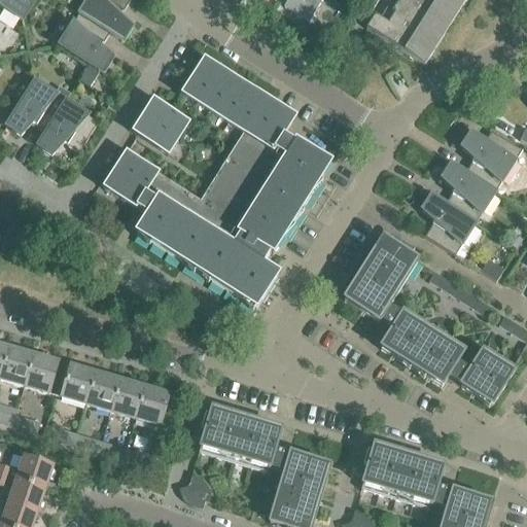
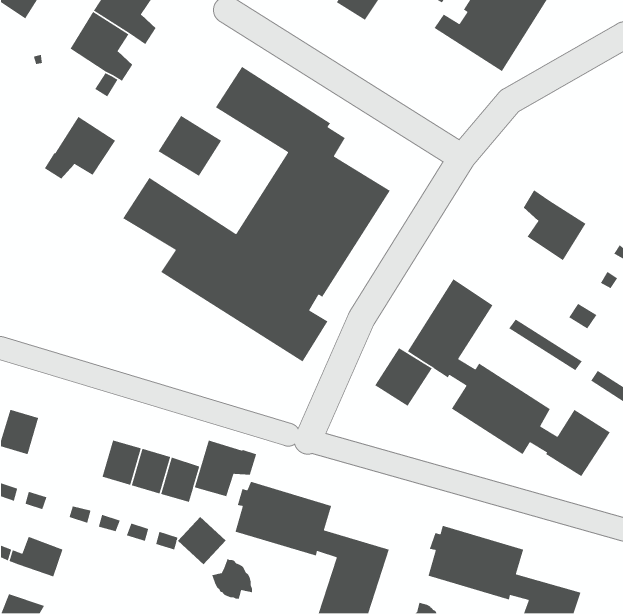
building: [7,78,67,132] -> none
building: [461,127,522,188] -> none
building: [422,191,476,252] -> none
building: none -> [374,347,433,407]
building: [25,352,59,391] -> none
building: [61,363,96,402] -> none
building: none -> [194,439,257,497]
building: none -> [177,516,226,565]
building: [8,477,46,511] -> none

